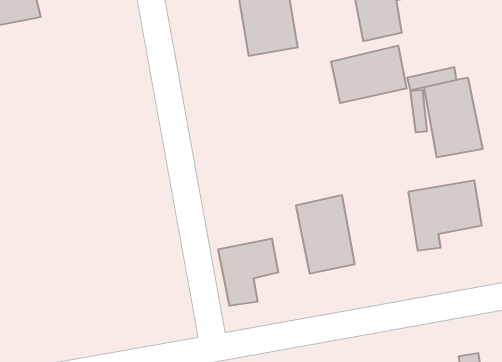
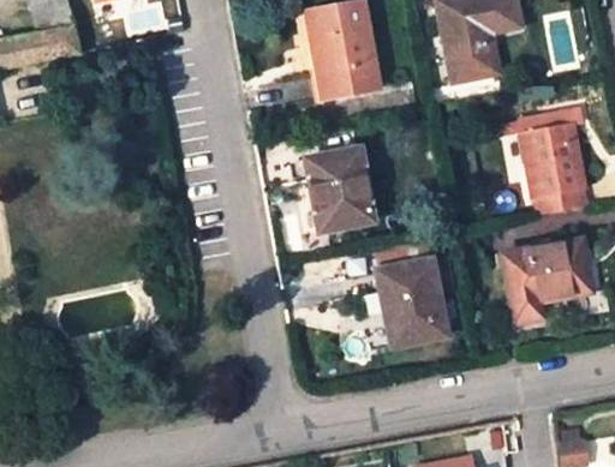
building: [331,45,407,103] -> none
building: none -> [305,151,371,230]
building: [218,238,278,306] -> none

